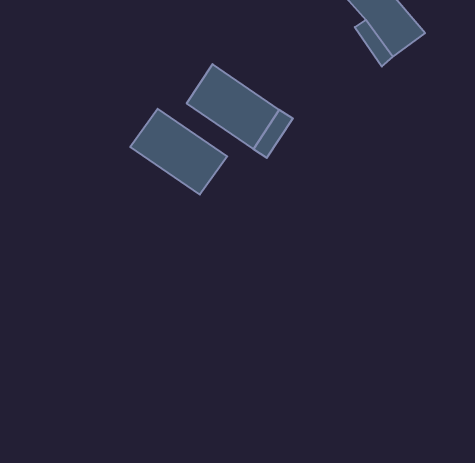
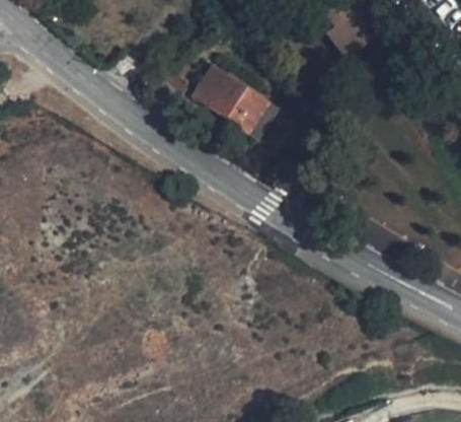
building: [130,109,227,195] -> none

